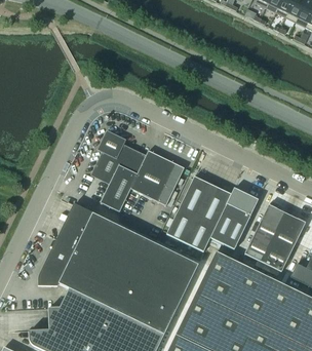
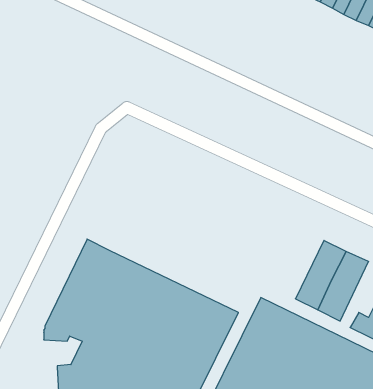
building: [91,130,185,212] -> none
building: [167,178,259,252] -> none

